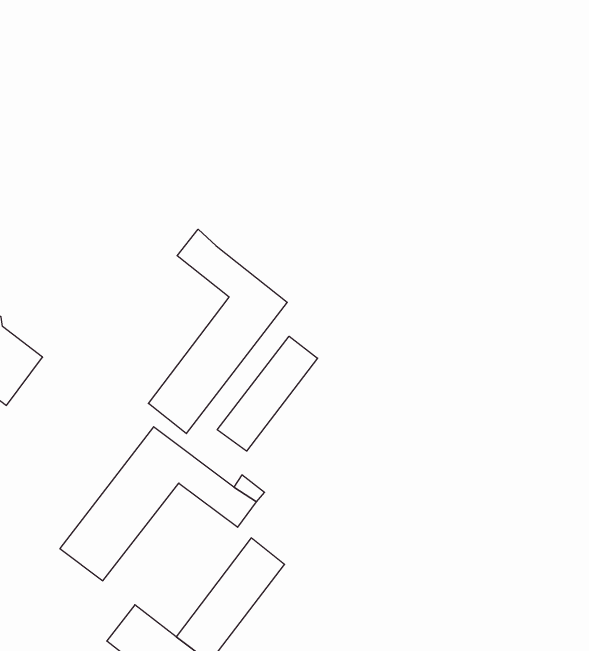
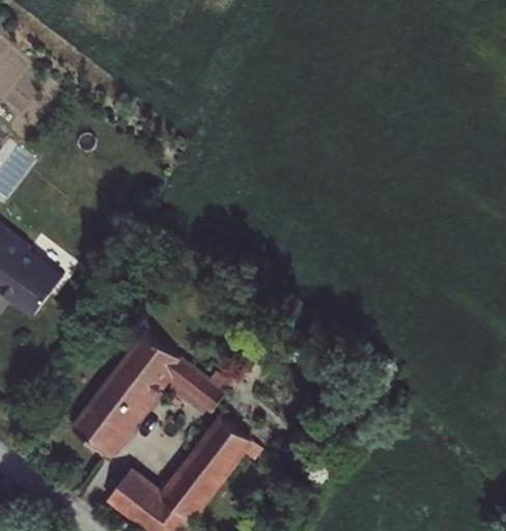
building: [148,229,287,434] -> none
building: [217,336,318,451] -> none

